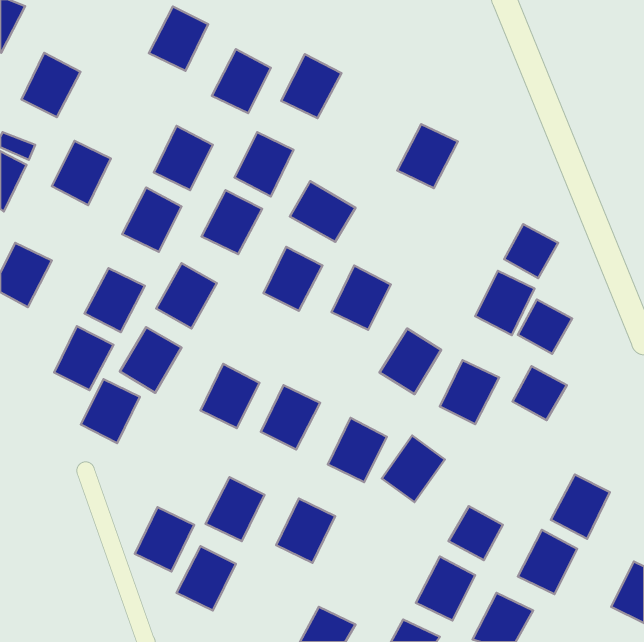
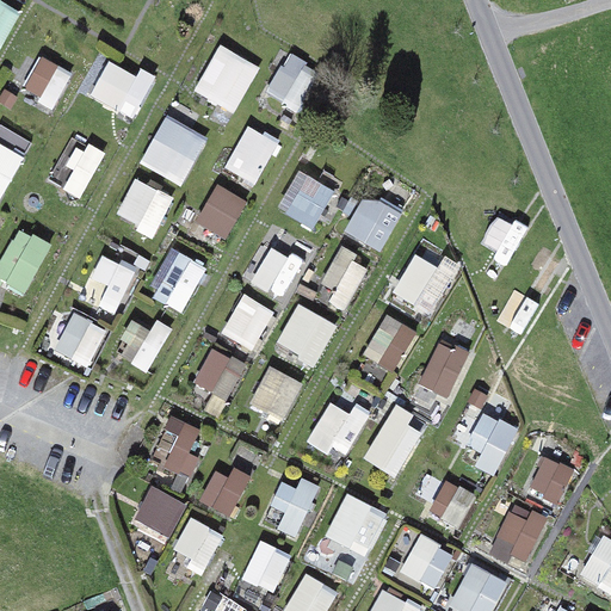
building: [149,6,208,71] -> [95,60,152,121]
building: [397,124,458,188] -> [345,191,402,252]
building: [475,271,534,335] -> [396,252,452,313]
building: none -> [220,291,276,352]
building: none -> [276,306,332,366]
building: [513,366,567,420] -> [467,412,518,463]
building: [81,379,140,443] -> [152,419,208,480]
building: none -> [322,499,378,560]
building: none -> [234,541,291,601]

